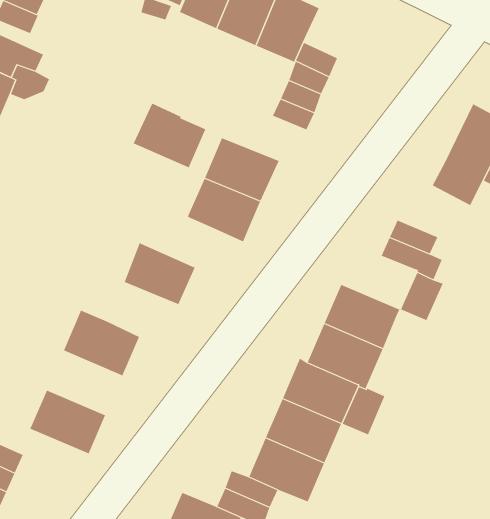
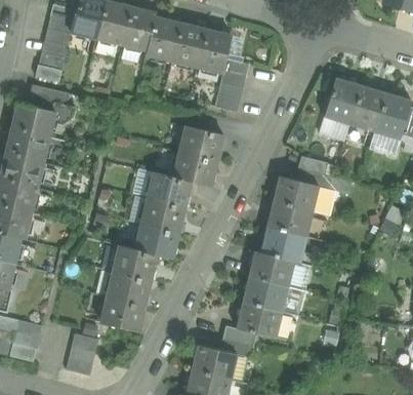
building: [133,103,206,168] -> [147,171,190,207]
building: none -> [274,176,319,211]
building: none -> [135,224,177,259]
building: none -> [106,272,151,307]

